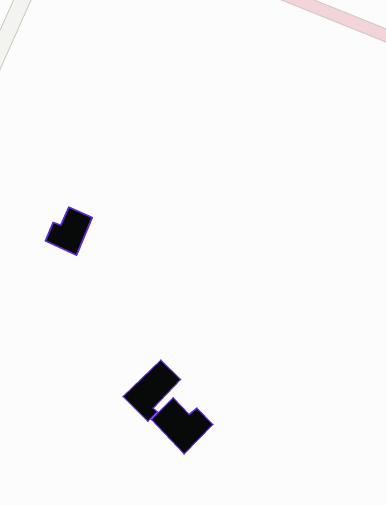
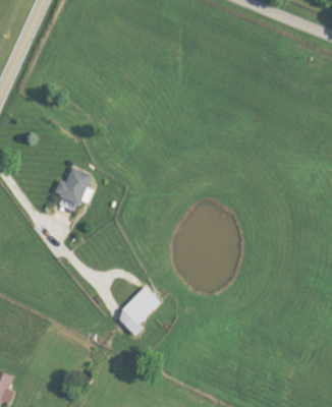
building: [152,398,213,454] -> none

